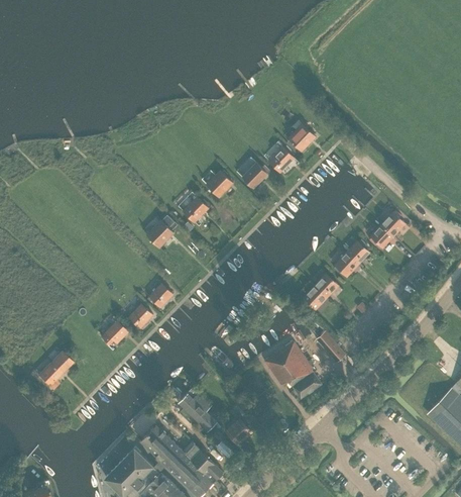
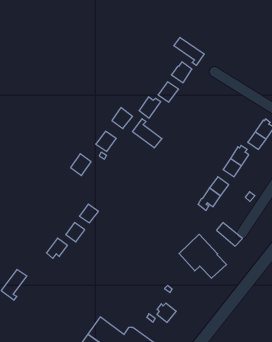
building: none -> [174,37,204,65]
building: none -> [133,119,162,148]
building: [180,393,217,430] -> none

